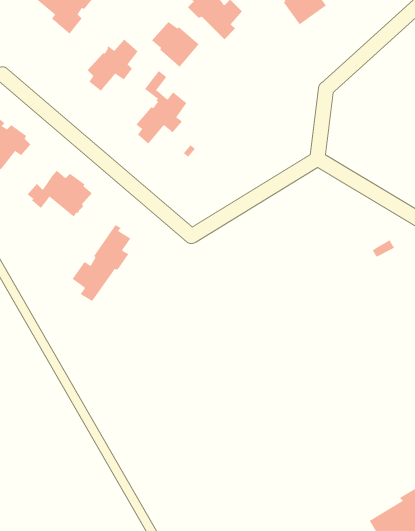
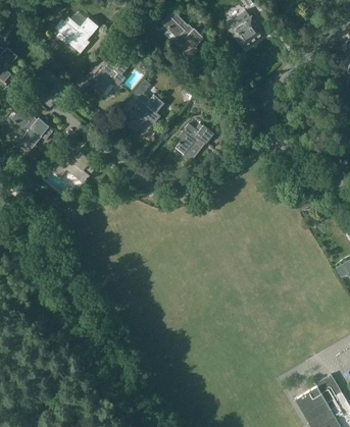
building: [151,21,200,68] -> none
building: none -> [174,123,213,163]
building: [72,224,131,302] -> none

